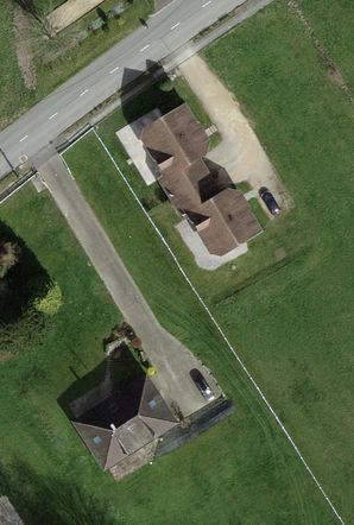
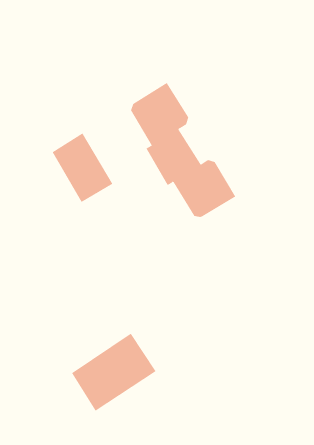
building: none -> [52,133,113,203]

